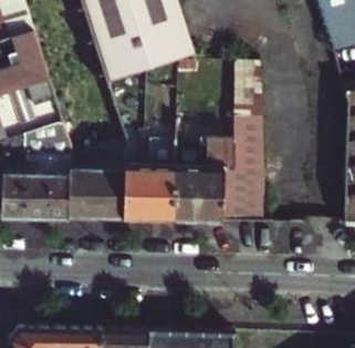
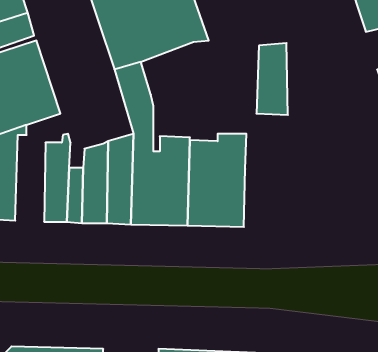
building: [23,122,70,217] -> none
building: [225,122,265,223] -> none

